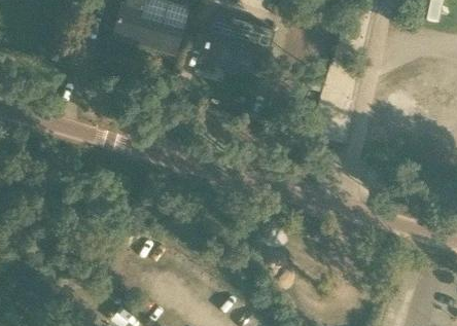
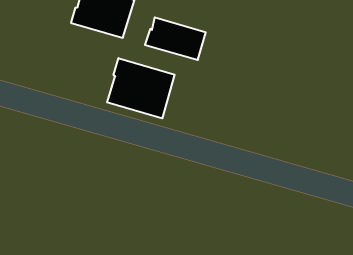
building: none -> [107,58,175,118]

